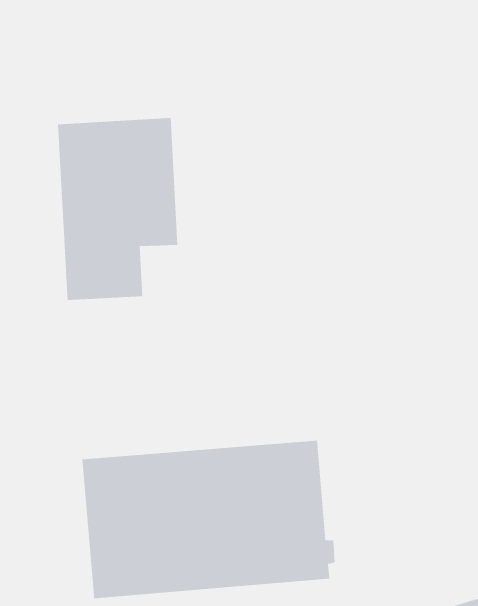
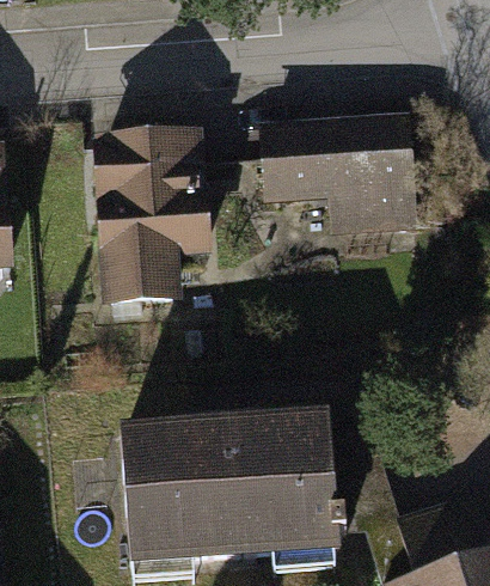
building: none -> [264,114,416,231]

